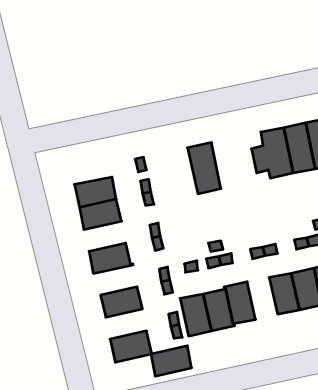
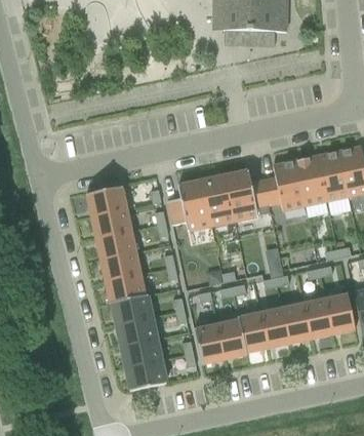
building: none -> [226,169,271,220]
building: none -> [168,180,212,230]
building: none -> [87,186,128,215]
building: none -> [100,251,141,281]
building: none -> [110,294,153,324]
building: none -> [260,307,290,348]
building: [151,346,192,376] -> [122,338,162,367]

